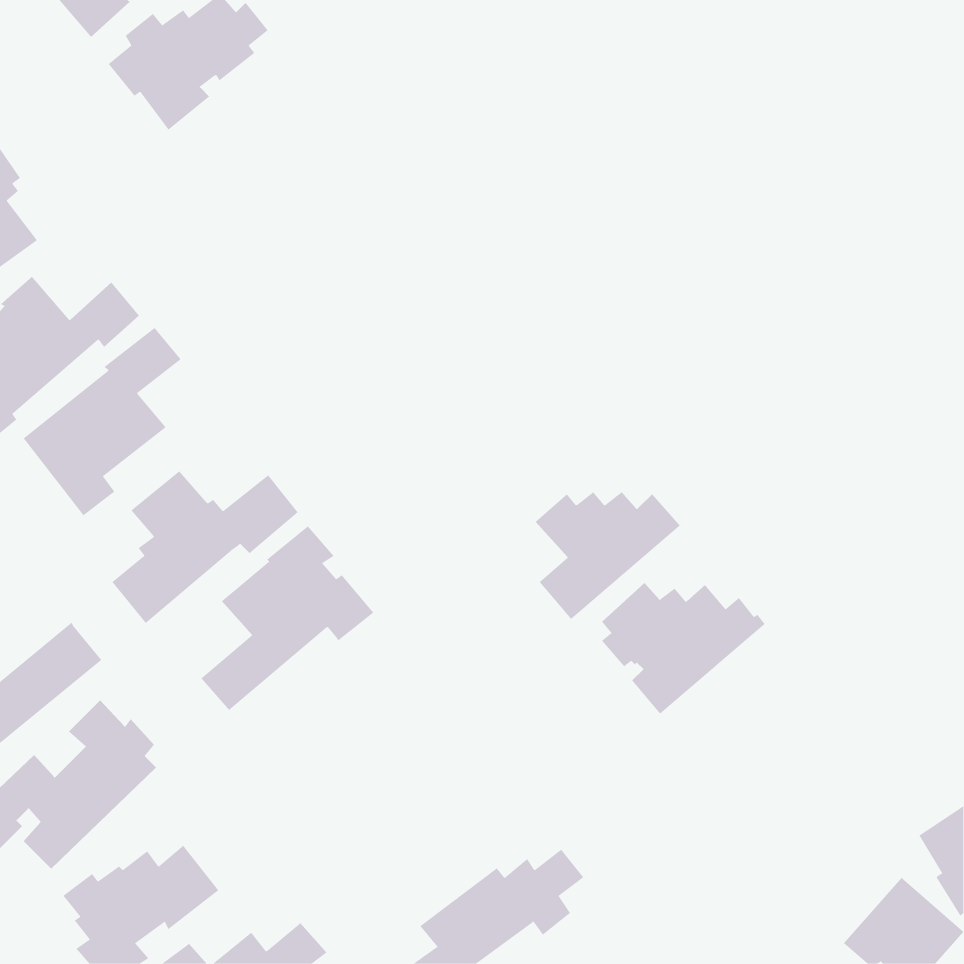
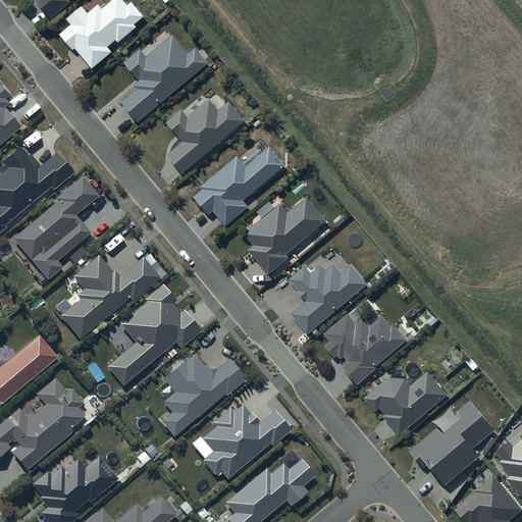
building: none -> [122,35,209,121]
building: none -> [165,99,244,173]
building: none -> [193,148,282,225]
building: none -> [243,196,327,275]
building: none -> [162,355,246,434]
building: none -> [363,371,448,435]
building: none -> [406,401,495,487]
building: none -> [193,405,293,479]

